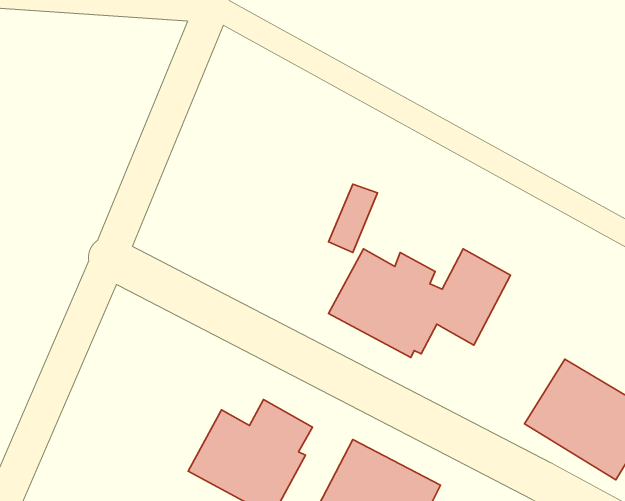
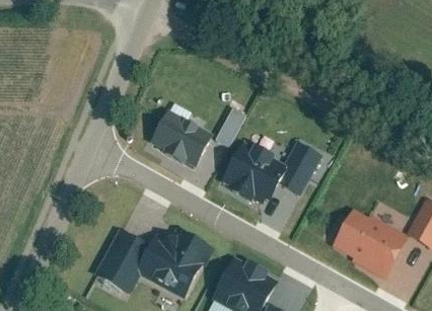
building: none -> [144,108,213,170]
building: none -> [97,226,150,287]

